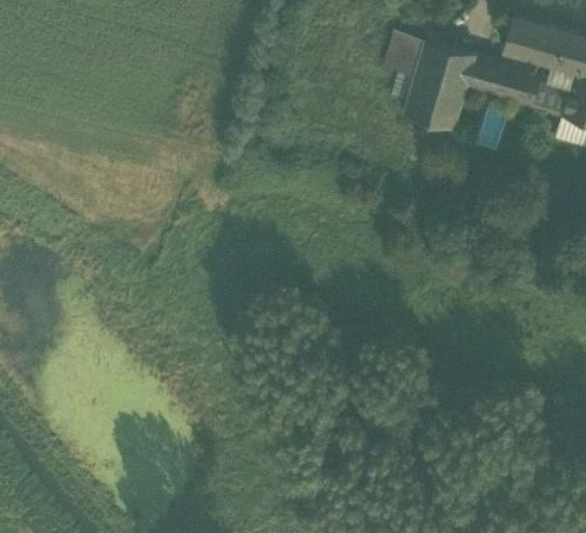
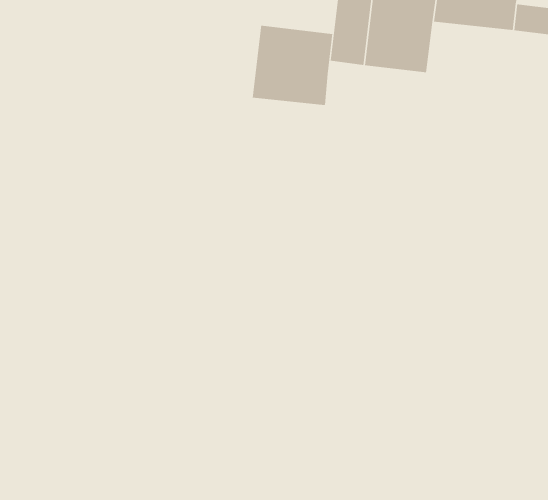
building: none -> [252,25,333,106]

